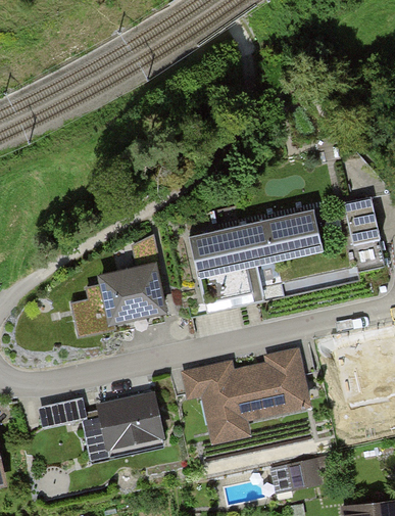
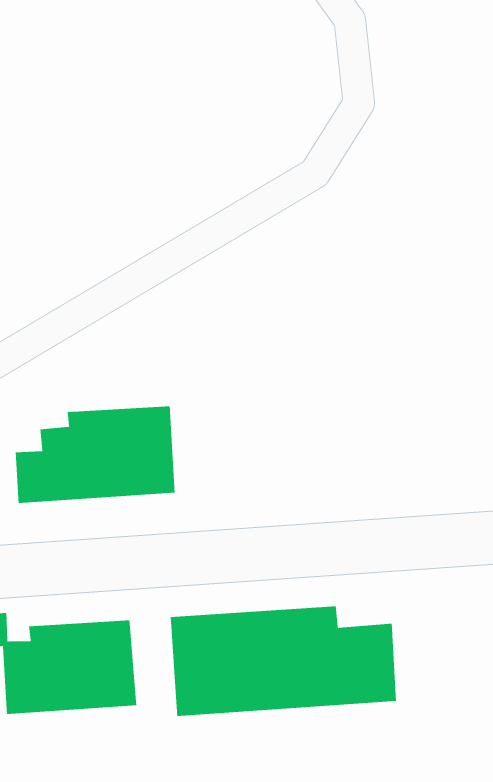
building: [181,206,336,314] -> none

